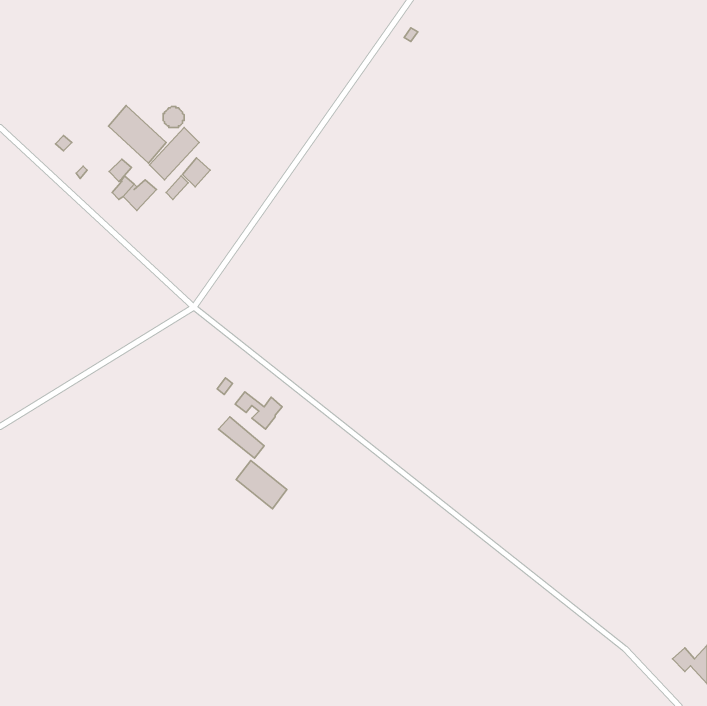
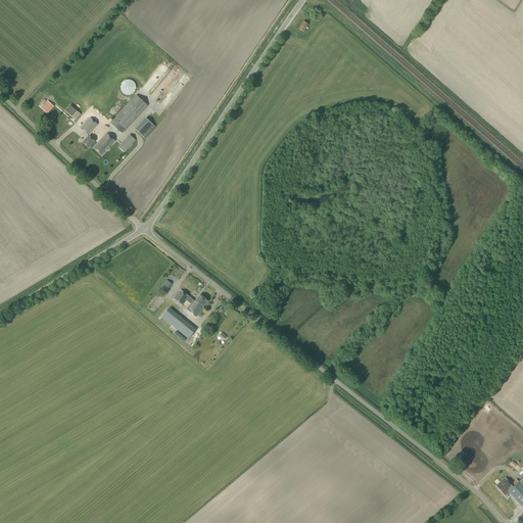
building: [108,106,166,163] -> none
building: [236,460,287,509] -> none

